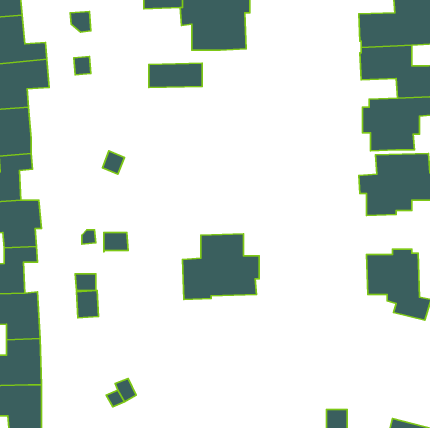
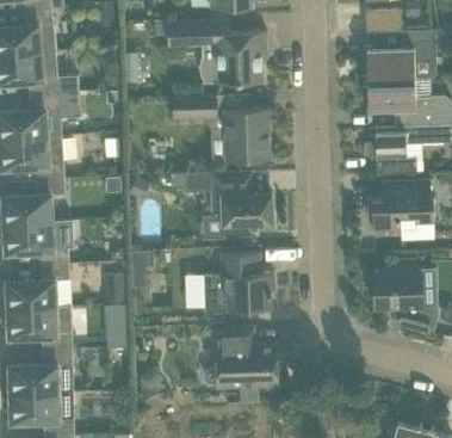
building: none -> [224,109,270,160]
building: none -> [171,171,273,236]
building: none -> [204,328,278,389]

